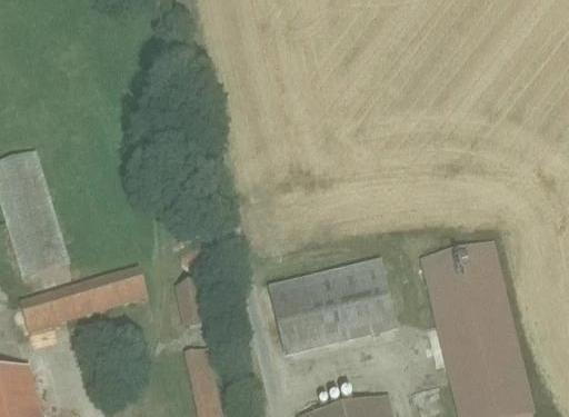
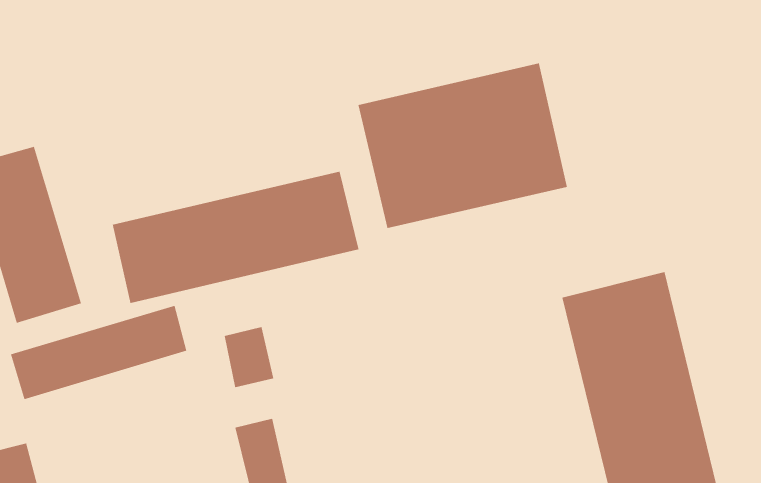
building: none -> [358,62,568,229]
building: none -> [112,171,359,304]
building: [267,260,396,358] -> none

